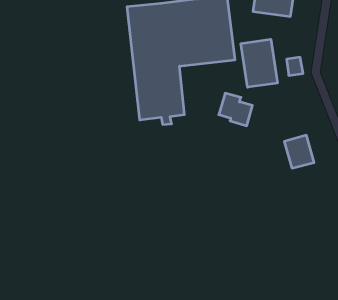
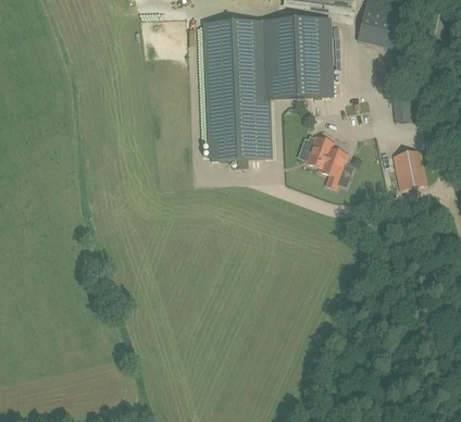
building: [241,39,277,87] -> none
building: [284,135,314,168] -> [393,149,426,187]

